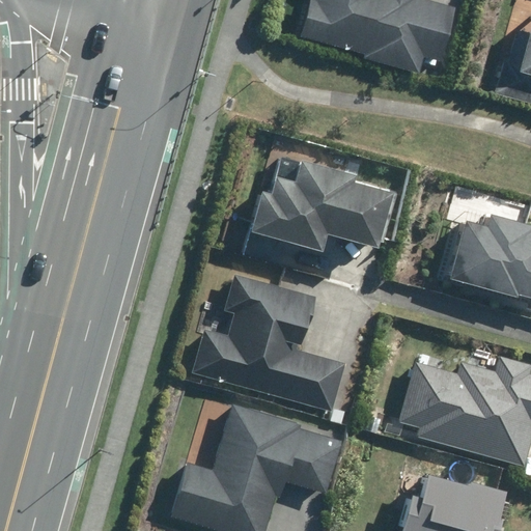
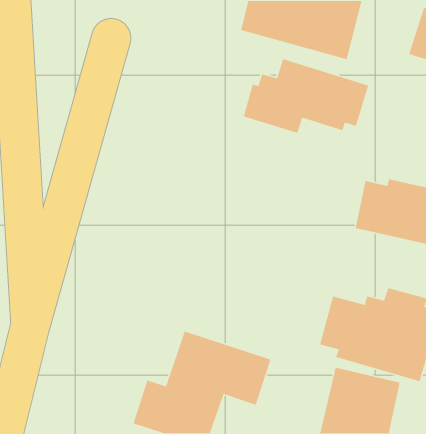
building: [245,159,399,251] -> [243,58,369,134]
building: [197,274,343,412] -> none

